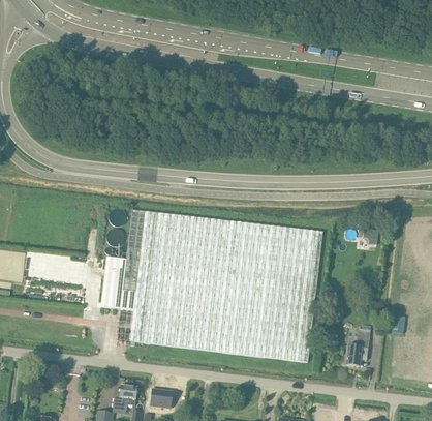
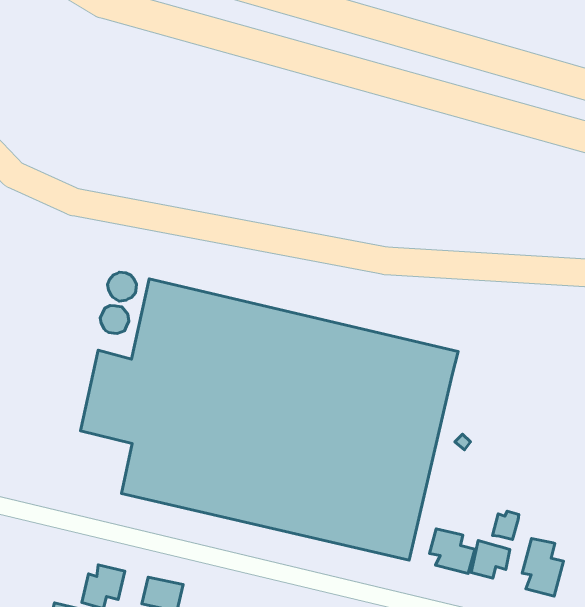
building: none -> [522,538,564,596]
building: none -> [430,529,475,574]

